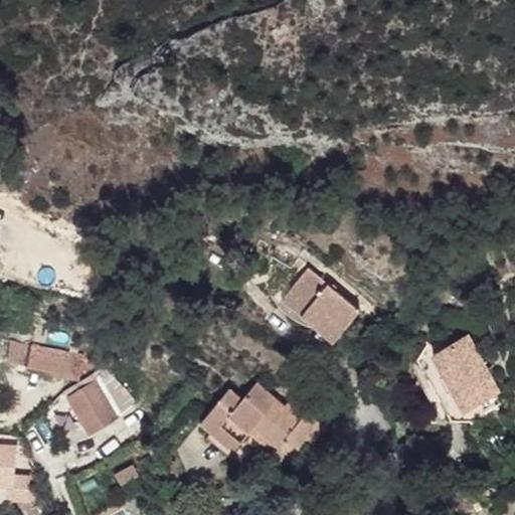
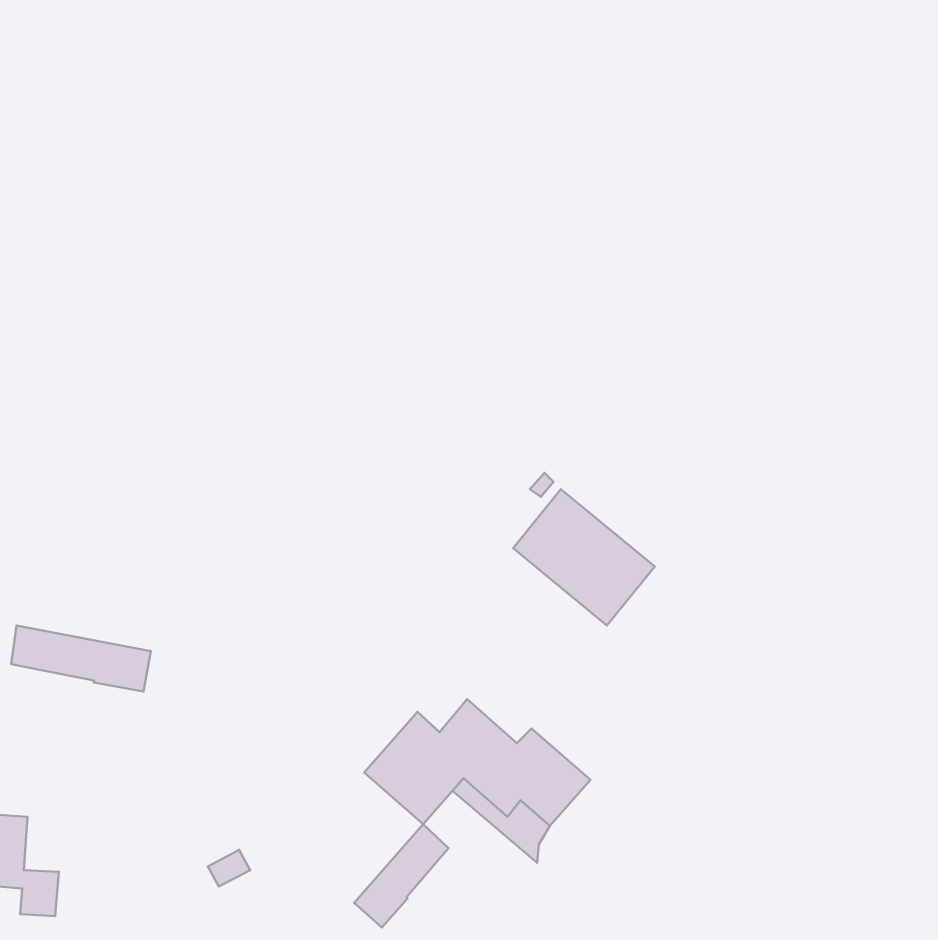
building: [418,336,506,425] -> none
building: [65,369,134,435] -> none
building: none -> [354,824,449,928]

